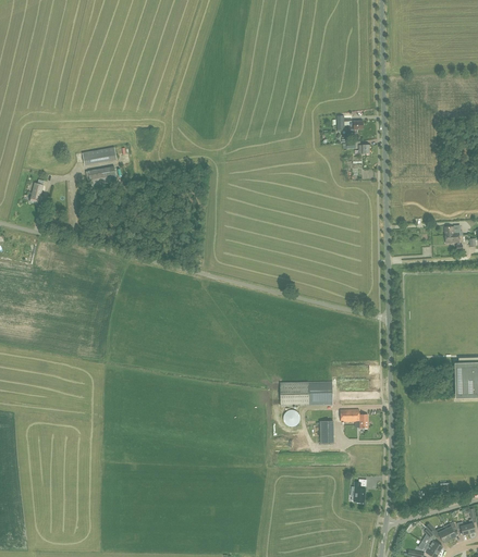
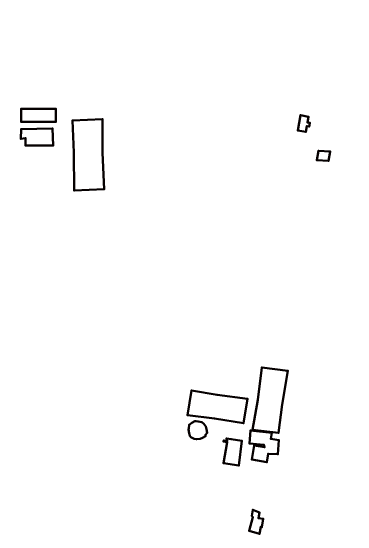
building: none -> [72,119,104,190]
building: none -> [253,367,288,433]

